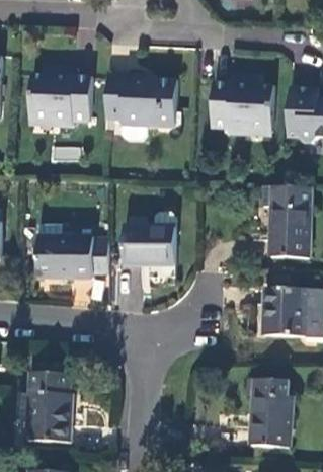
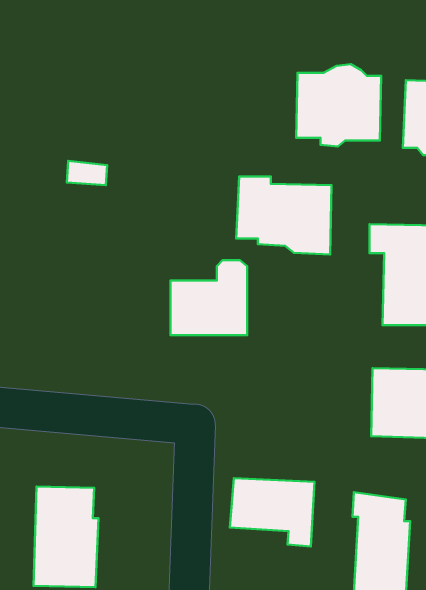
building: [31,65,92,125] -> none
building: [104,76,171,131] -> [236,177,331,254]
building: [37,223,107,278] -> none
building: none -> [230,478,315,546]

